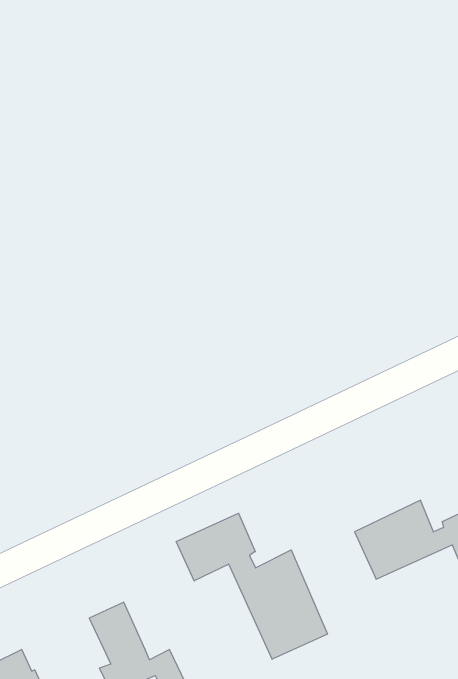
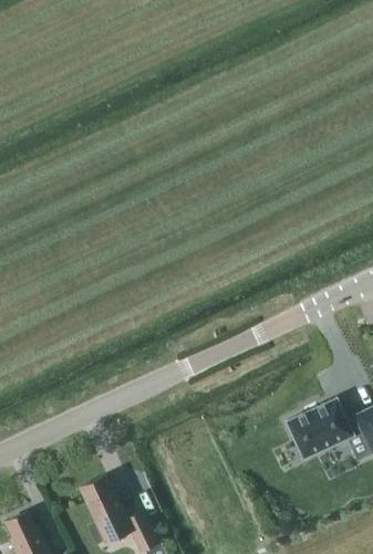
building: [176,513,328,659] -> none

